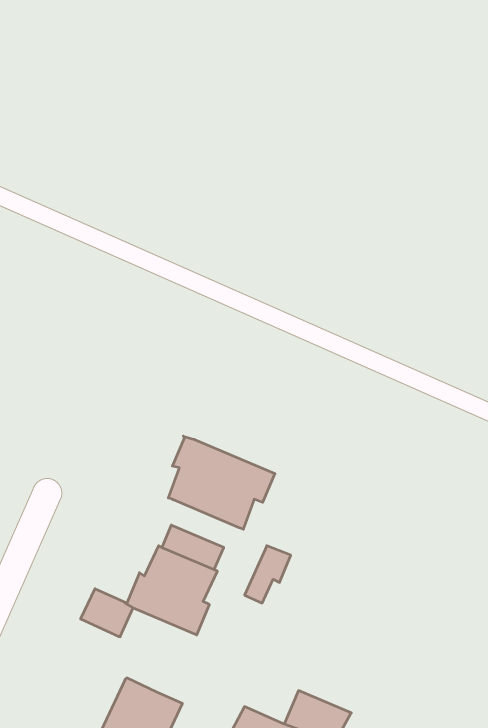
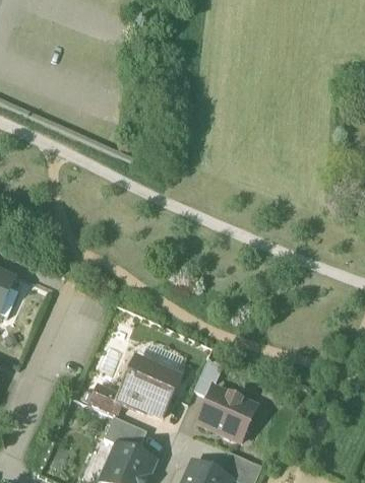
building: [168,436,275,529] -> none
building: none -> [196,388,254,441]
building: none -> [102,417,145,453]

